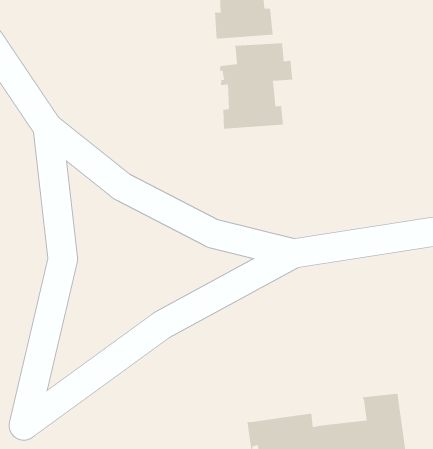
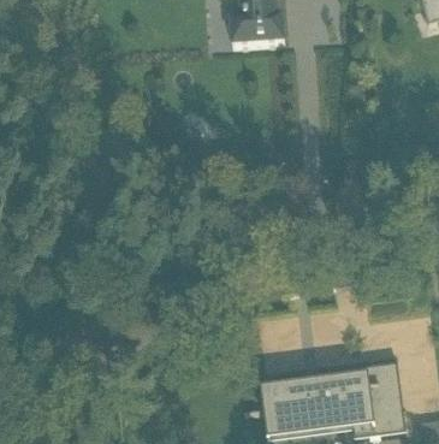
building: [220,43,293,130] -> none

